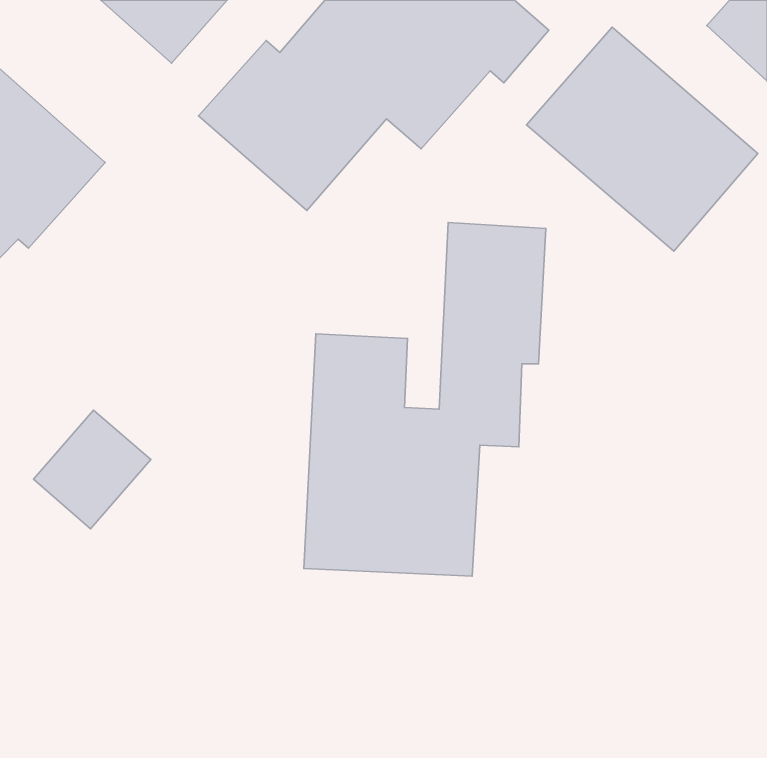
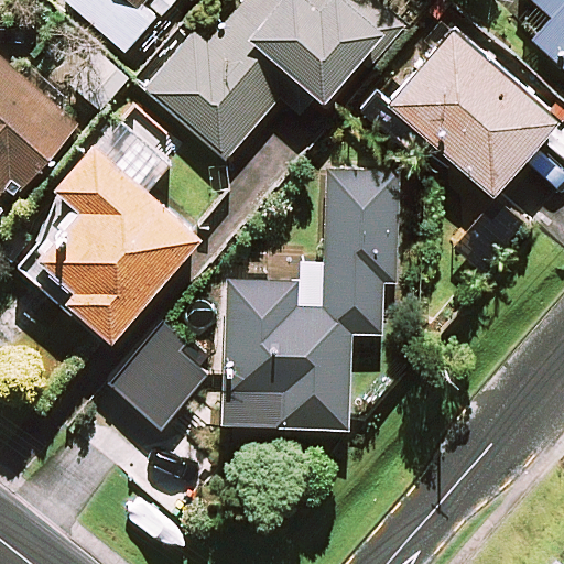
building: none -> [35,112,200,339]
building: [33,410,151,529] -> [113,339,199,426]

